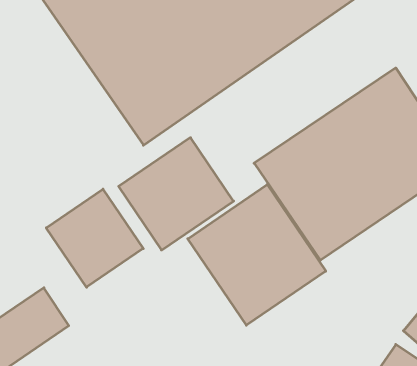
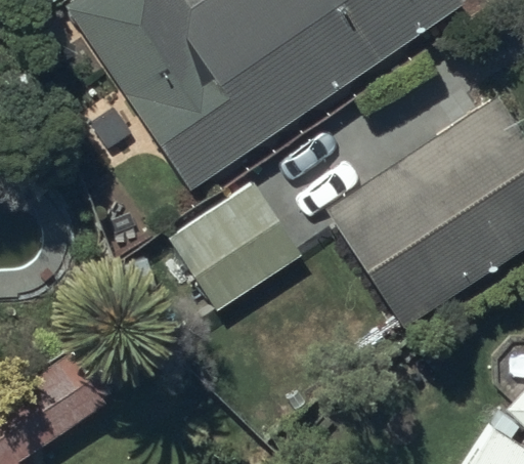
building: [188,185,326,325] -> none
building: [46,189,143,287] -> none

